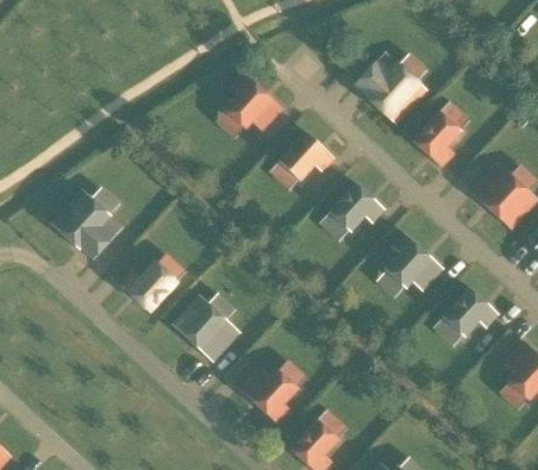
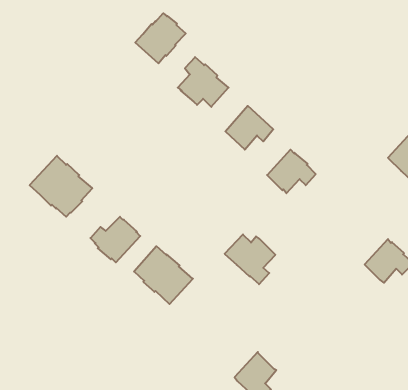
building: none -> [135,13,186,63]
building: [354,52,428,125] -> none
building: [413,112,462,168] -> none
building: [384,232,444,293] -> none
building: [239,366,299,425] -> [225,234,275,284]

